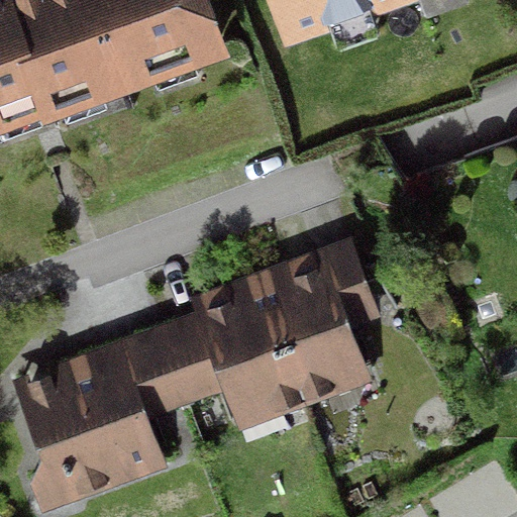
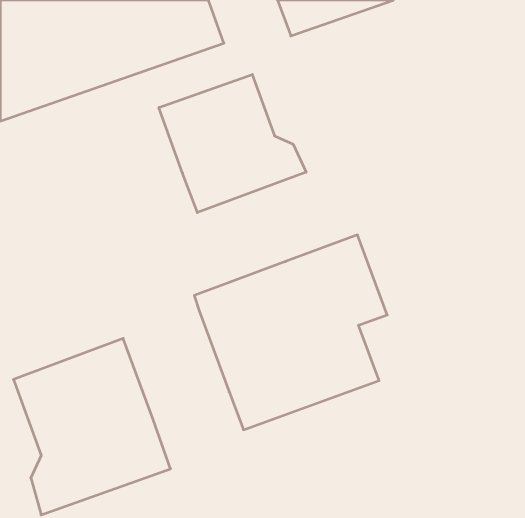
building: none -> [159,74,306,213]
building: [121,312,225,419] -> none

